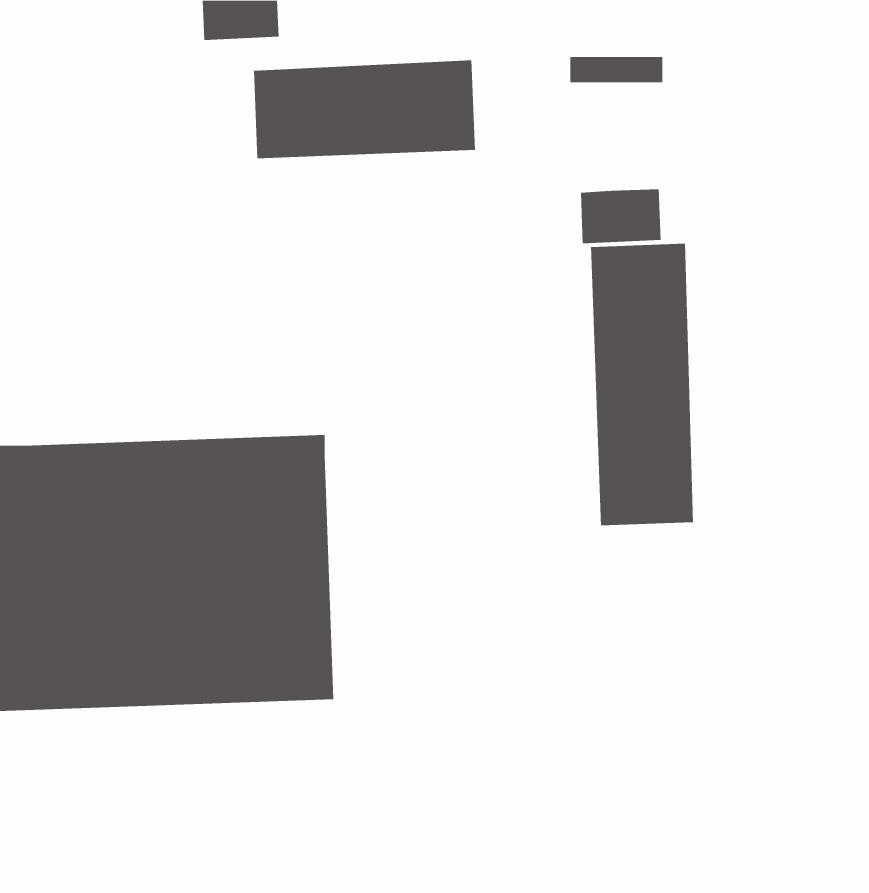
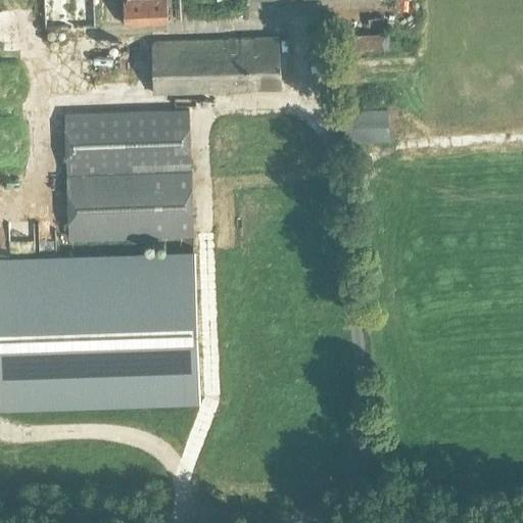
building: none -> [66,110,194,239]
building: [590,243,694,526] -> none

